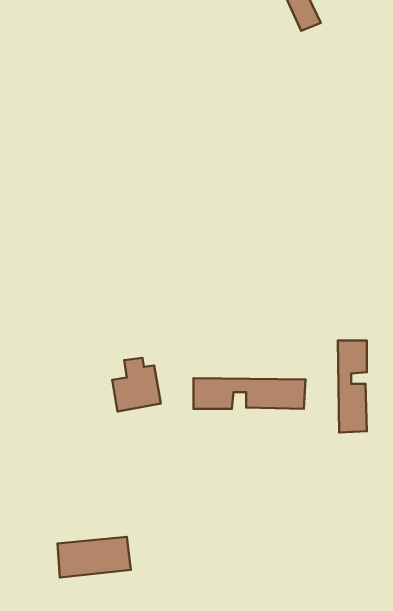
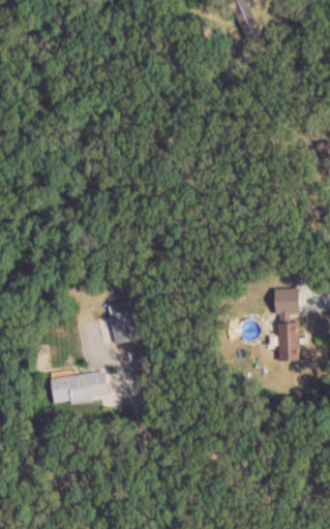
building: [194,378,305,409] -> none
building: [57,537,131,578] -> [51,372,109,404]

